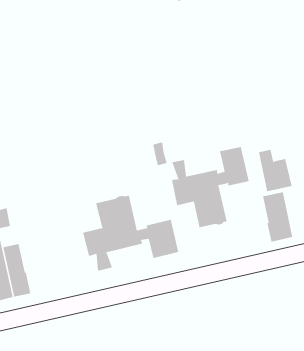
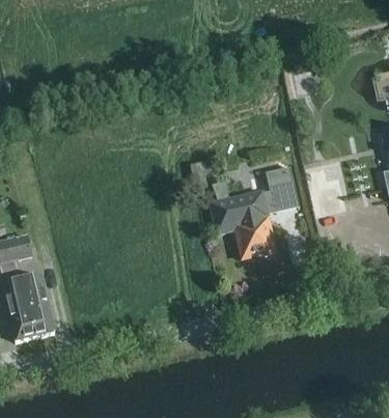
building: [262,191,293,242] -> none
building: [82,195,179,272] -> none

